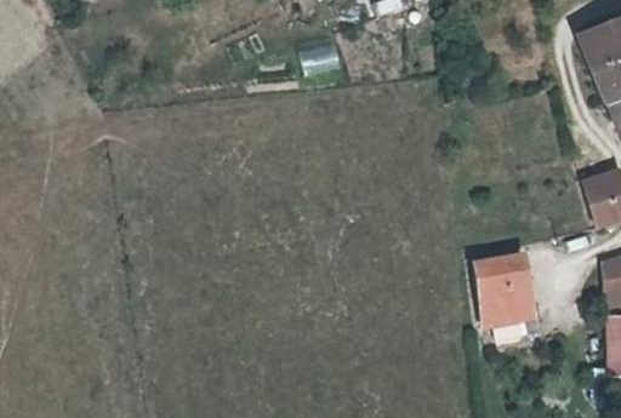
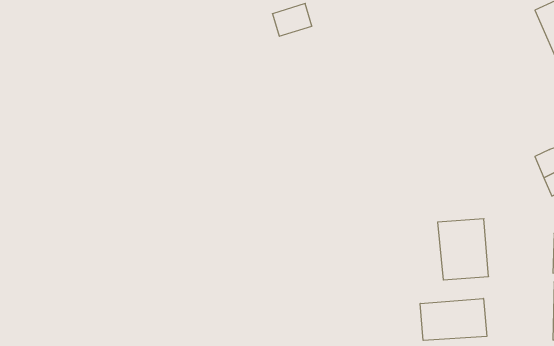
building: none -> [420,298,487,340]

